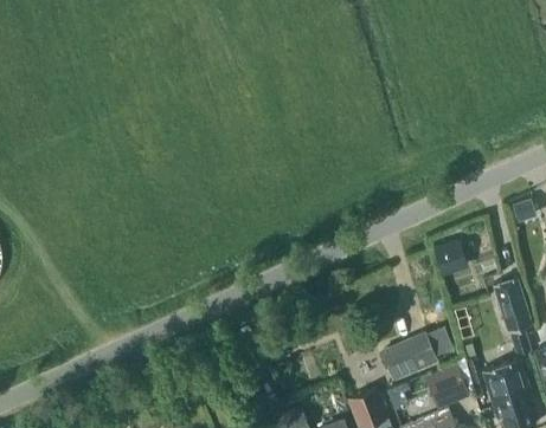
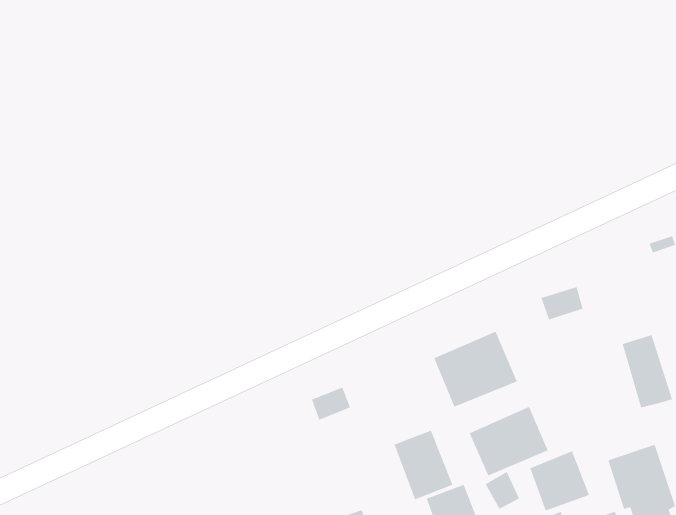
building: none -> [434,331,518,408]
building: none -> [394,430,453,500]

